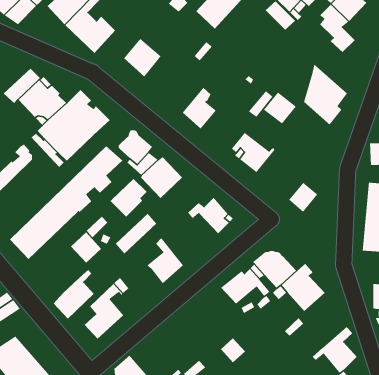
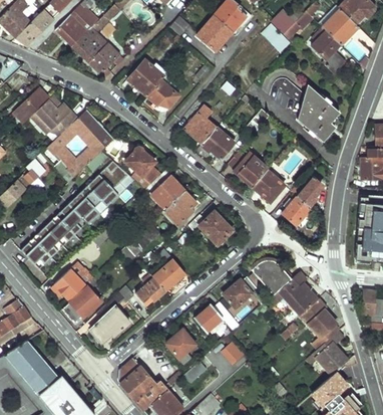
building: none -> [148,80,179,111]
building: [263,92,297,125] -> [254,170,286,201]
building: none -> [202,128,235,160]
building: none -> [298,176,325,206]
building: [109,178,147,217] -> [161,191,198,228]
building: [70,232,102,264] -> [56,269,86,299]
building: none -> [136,277,165,304]
building: none -> [299,298,340,351]
building: none -> [195,301,239,332]
building: none -> [166,329,197,364]

